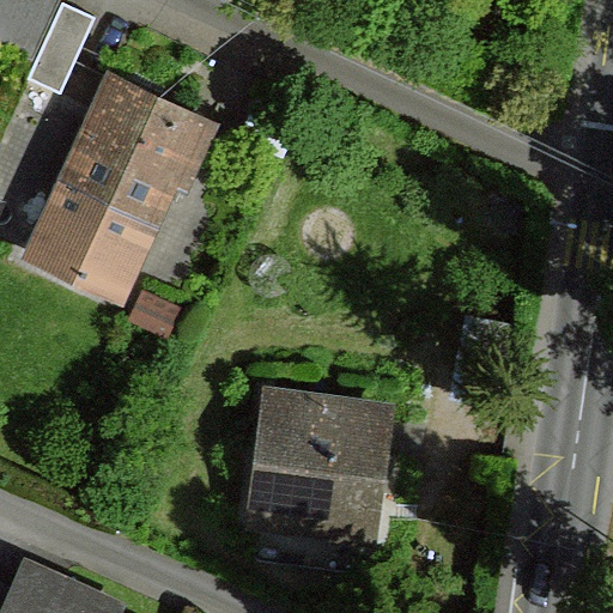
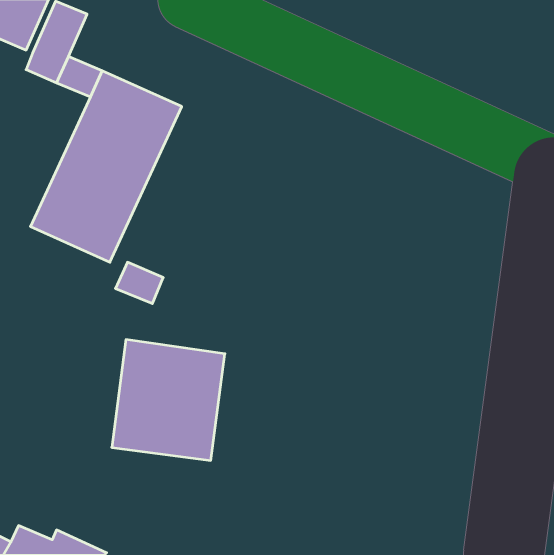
building: [257,395,382,528] -> [112,340,225,460]

